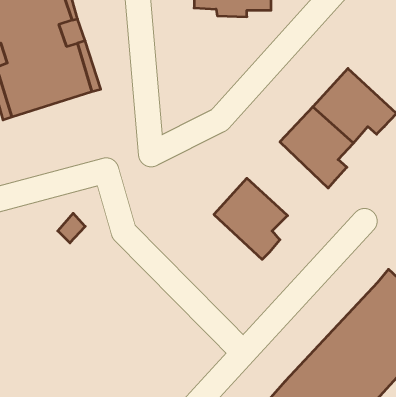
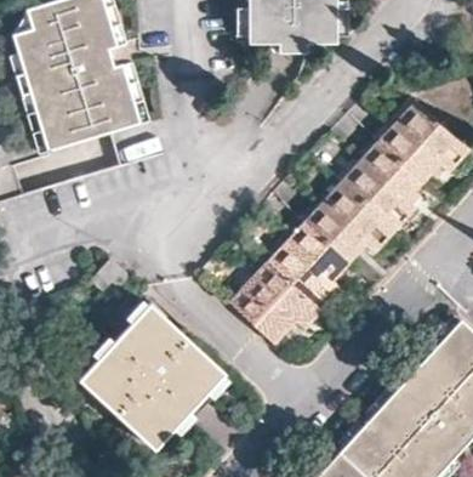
building: none -> [304,181,394,262]
building: none -> [230,261,321,343]
building: none -> [84,305,223,445]

